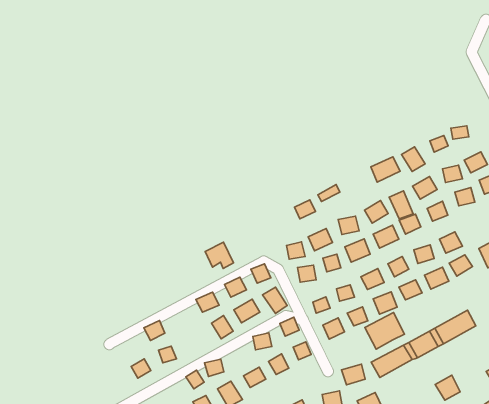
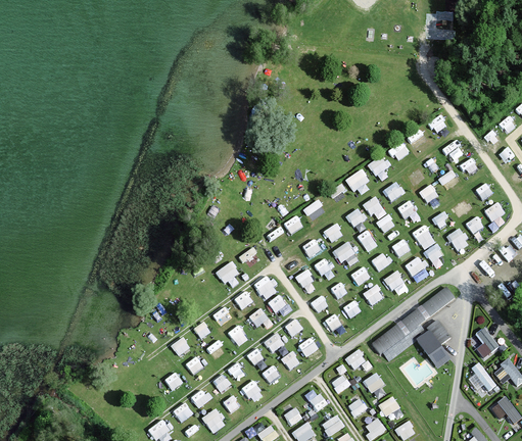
building: [365,312,405,349] -> [415,325,449,358]

